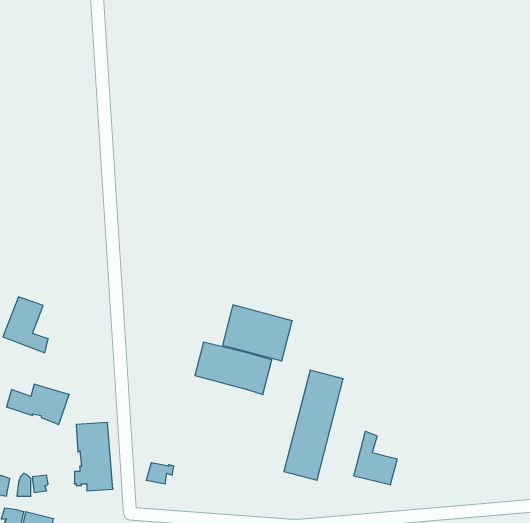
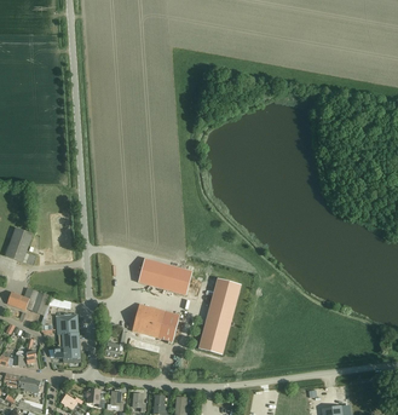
building: [223,305,292,361] -> [131,302,179,341]
building: [354,431,397,485] -> none

